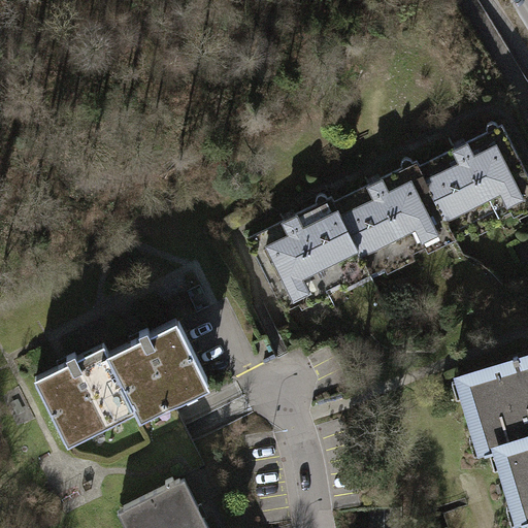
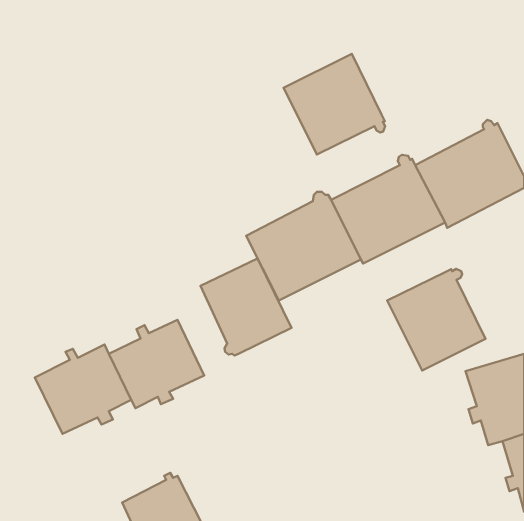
building: none -> [284,54,385,154]
building: none -> [200,258,291,355]
building: none -> [387,269,485,370]

